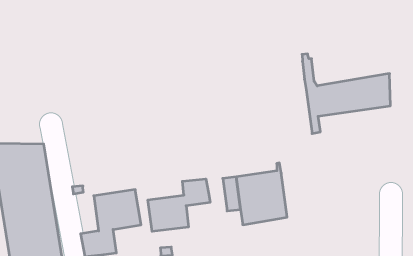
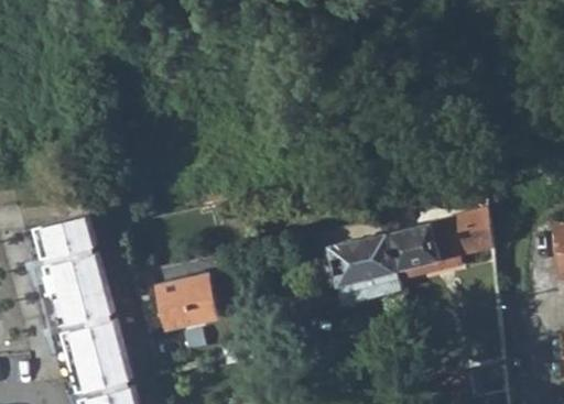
building: [302,54,390,134] -> [377,192,491,290]
building: [148,179,210,231] -> none

